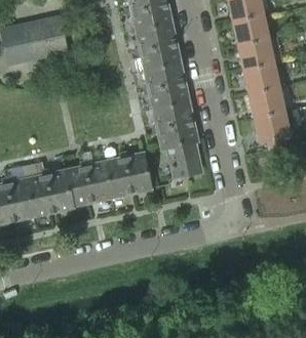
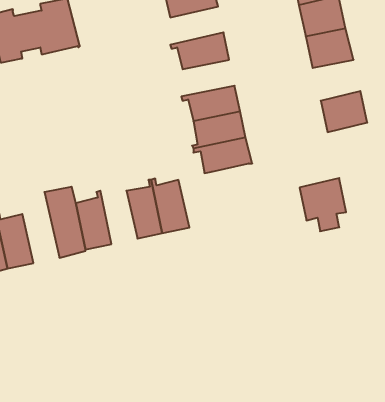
building: [136,24,177,52] -> none
building: [145,64,185,91] -> none
building: [243,64,279,94] -> none
building: [255,111,290,151] -> [300,178,346,231]
building: [167,141,201,177] -> none
building: [84,162,112,202] -> none
building: [23,163,53,216] -> none

